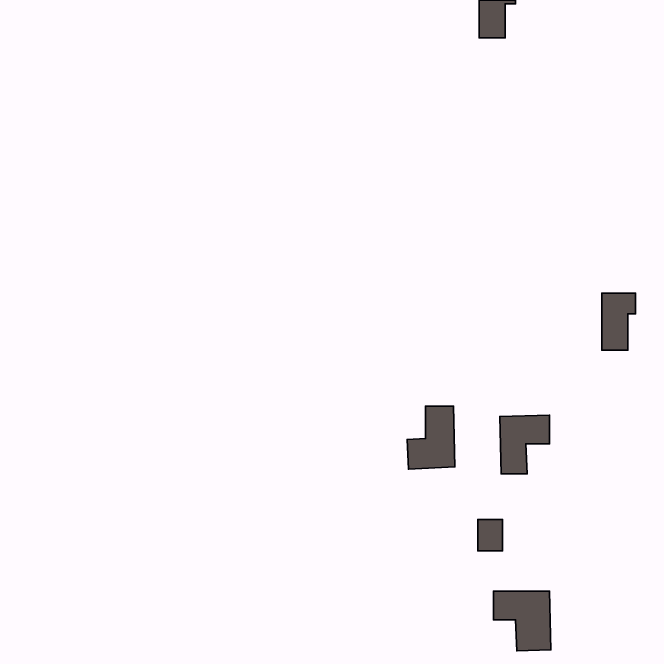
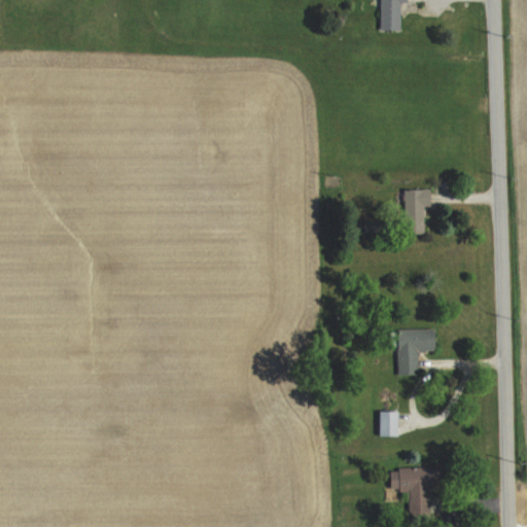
building: [602,293,636,350] -> [405,189,431,235]
building: [407,406,455,469] -> none

